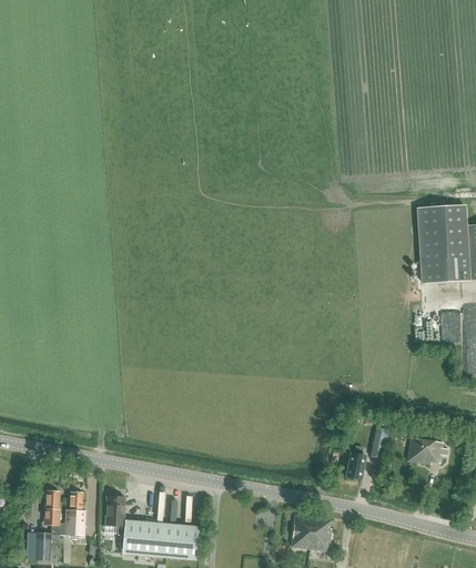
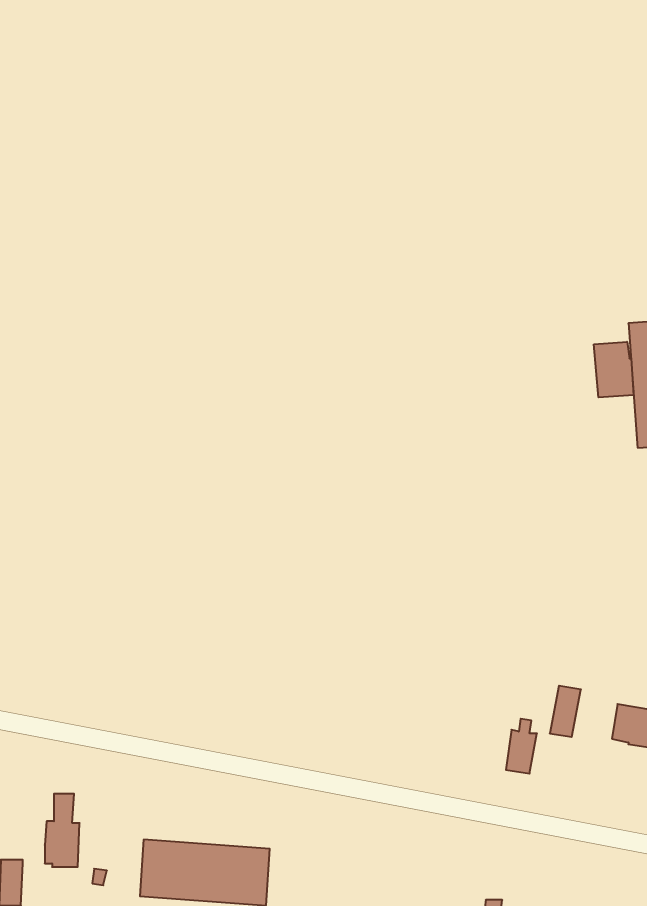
building: none -> [594,342,633,397]
building: [43,489,64,534] -> none
building: [104,495,124,535] -> none
building: [292,514,332,550] -> none

